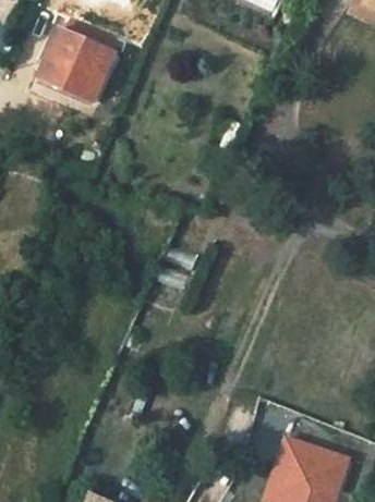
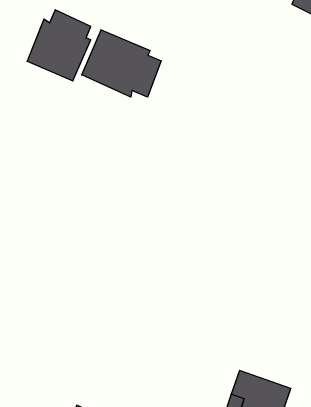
building: none -> [82,30,161,97]

